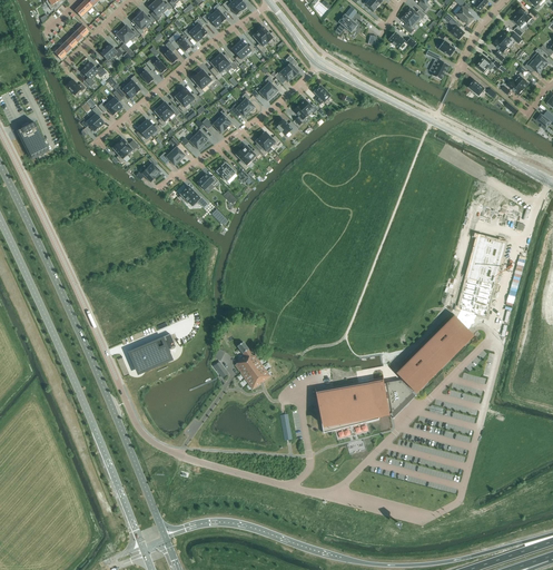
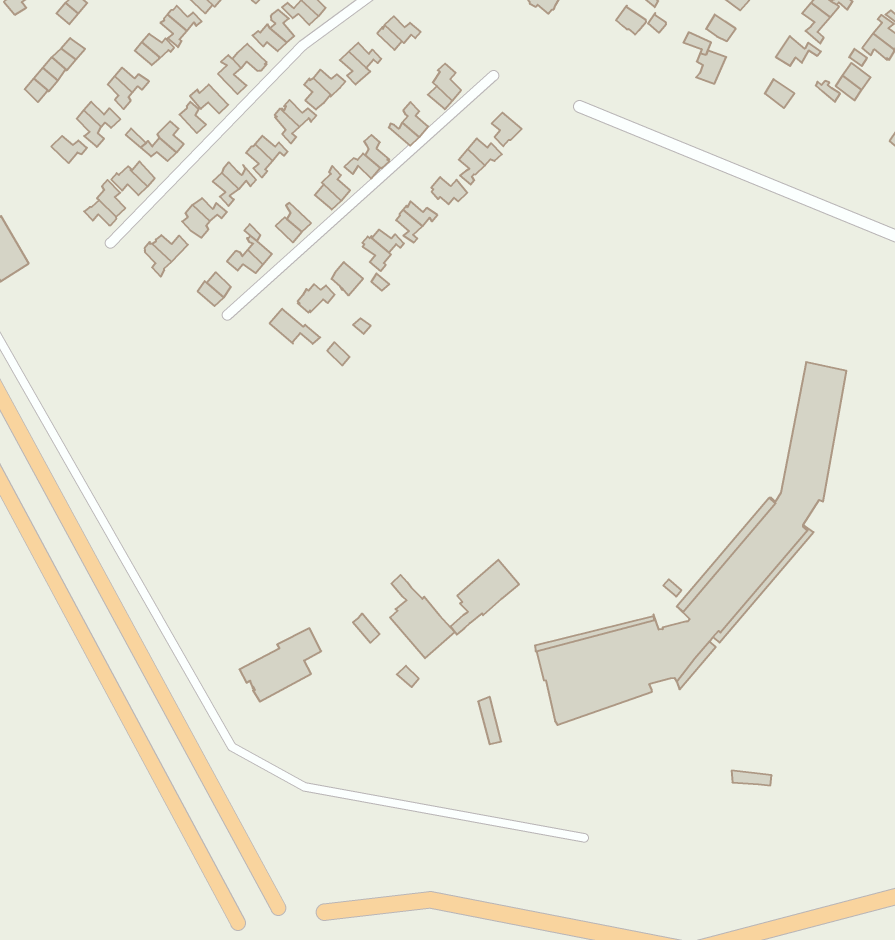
building: [129,333,176,372] -> [239,628,321,702]
building: none -> [450,560,519,635]

